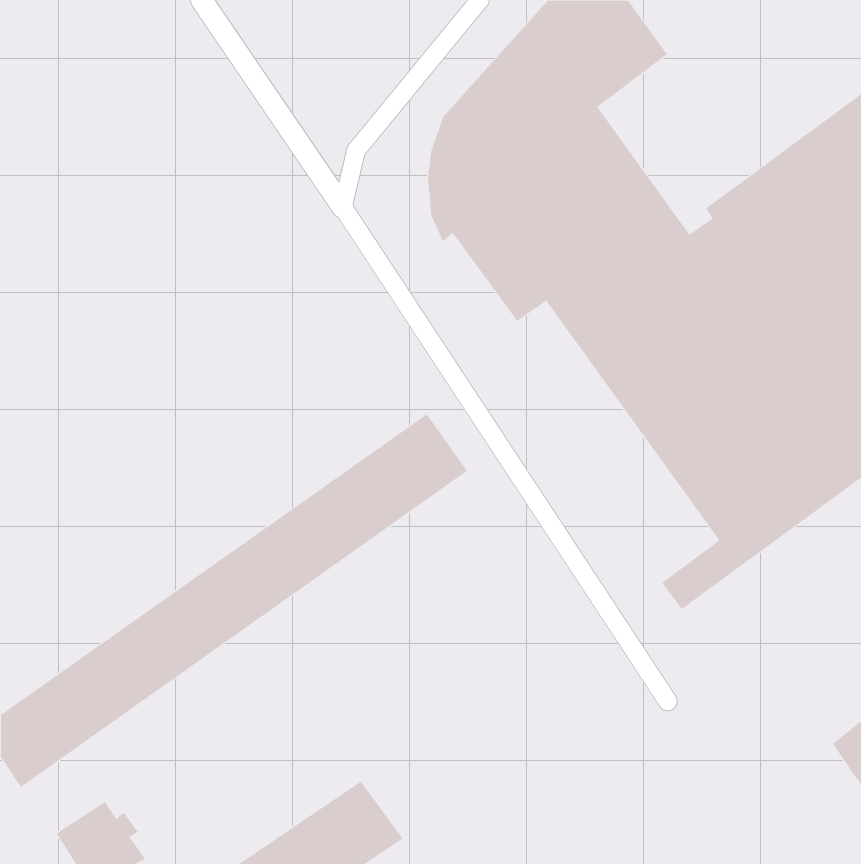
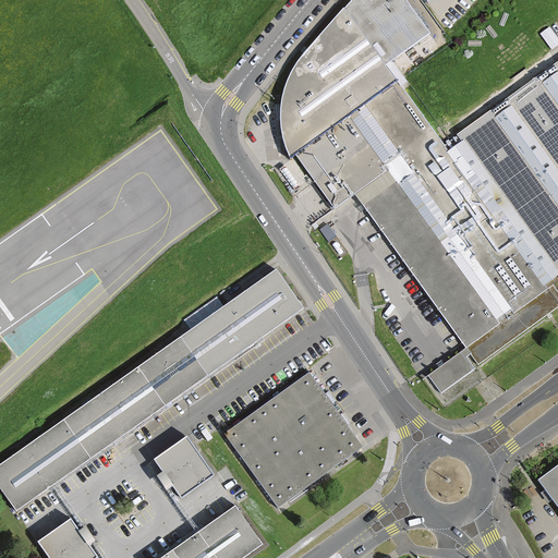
building: none -> [227,372,363,506]
building: none -> [155,434,214,495]

